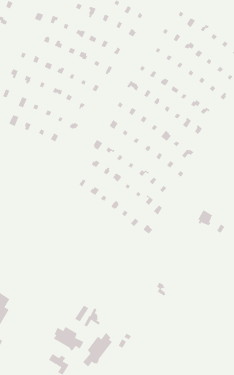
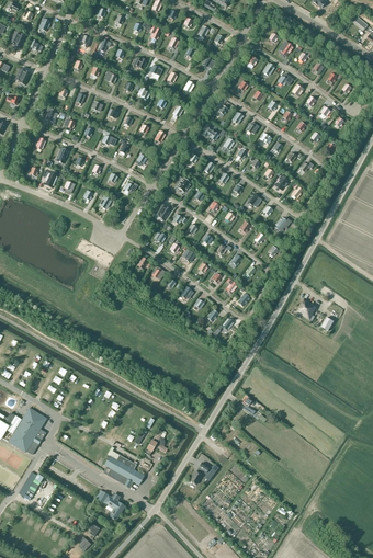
building: [82,332,113,367] -> none

